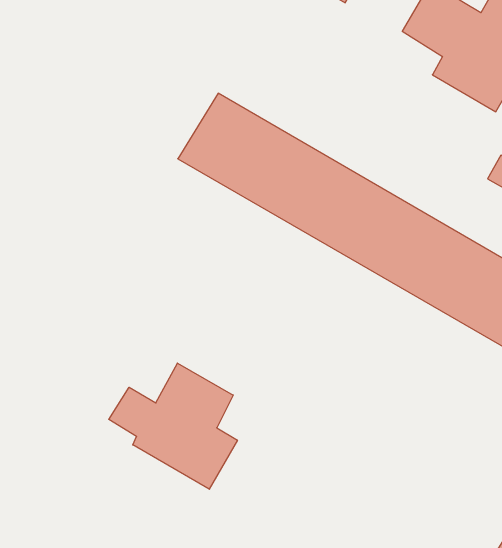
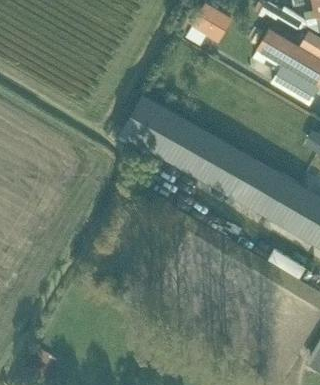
building: [109,363,237,489] -> none

